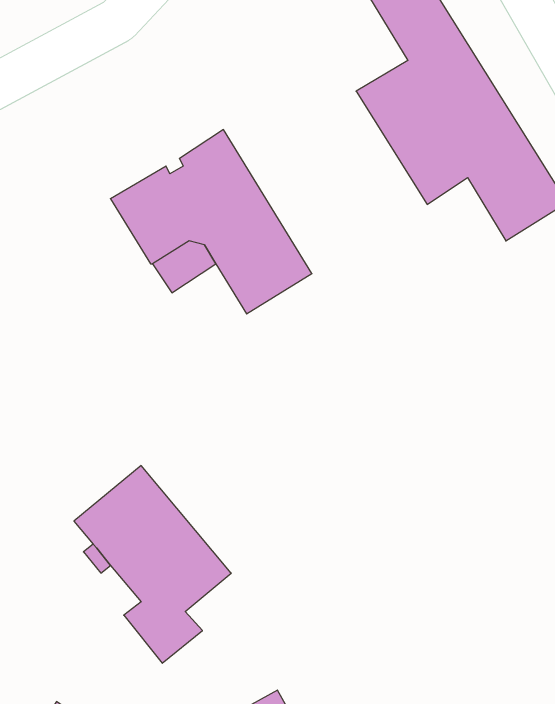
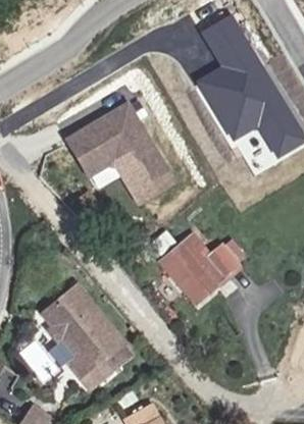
building: none -> [163,233,238,299]

